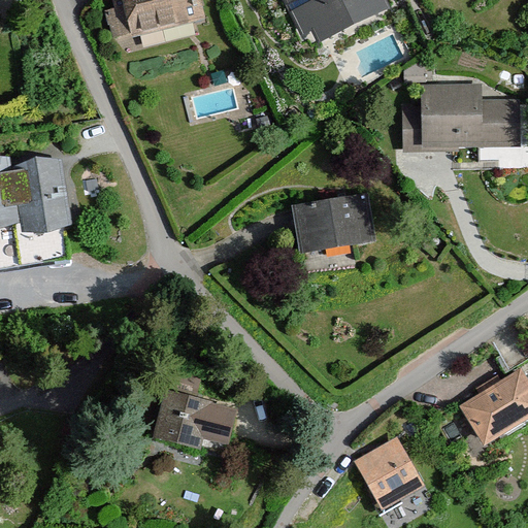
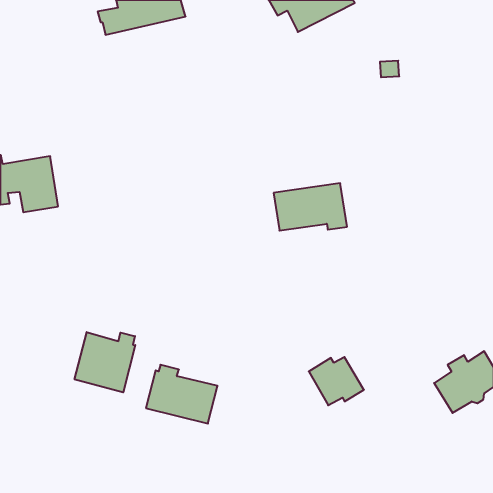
building: [404,90,517,151] -> none
building: none -> [75,332,135,392]
building: [359,450,418,501] -> [309,357,364,405]

